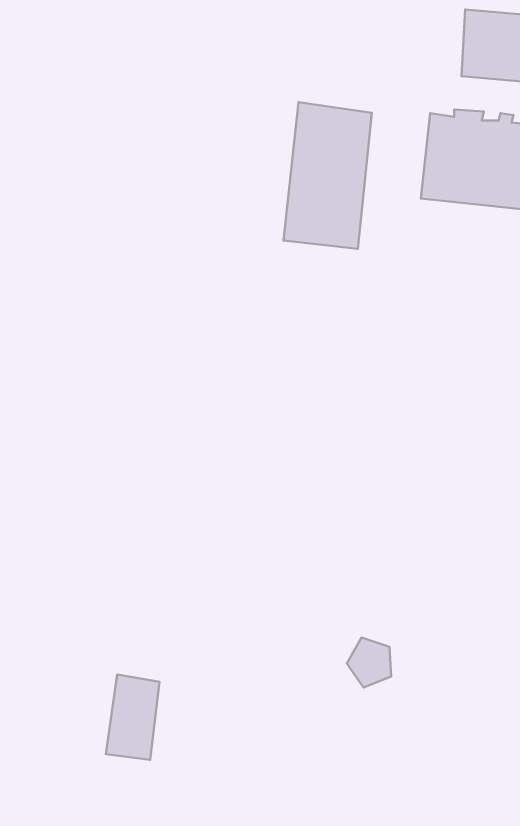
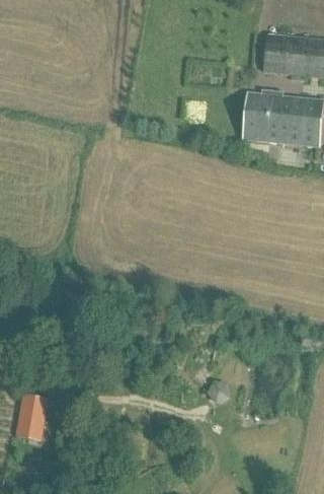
building: [284,102,372,249] -> none
building: [106,674,160,760] -> [17,394,47,440]

